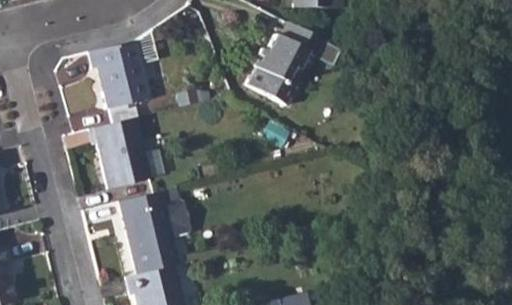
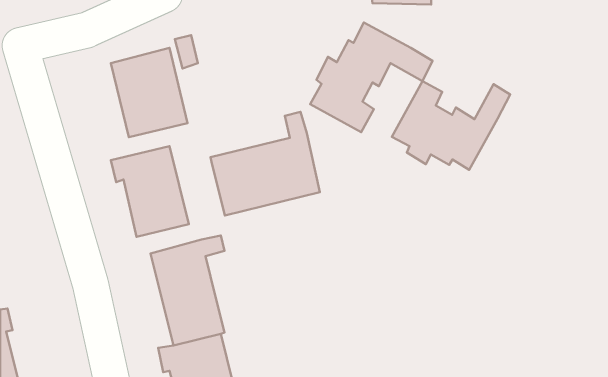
building: none -> [392,81,510,170]
building: none -> [211,112,320,215]

